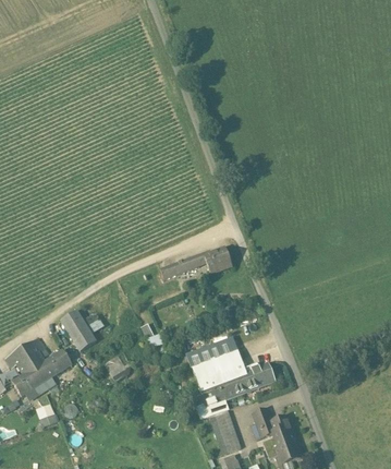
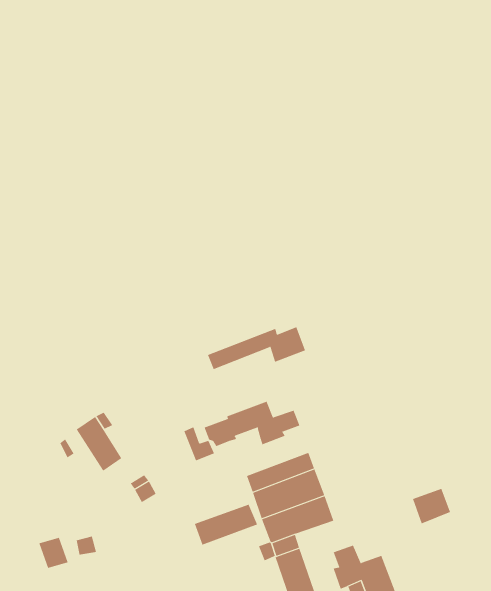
building: none -> [204,401,300,447]
building: [13,346,74,399] -> none
building: [245,362,273,388] -> [412,488,451,524]
building: none -> [194,504,258,546]

